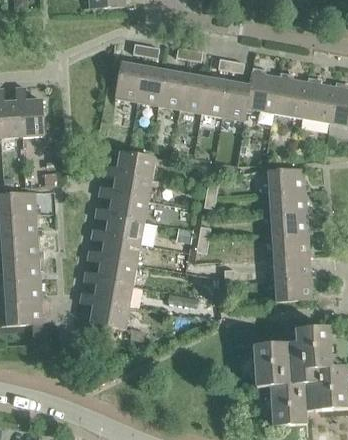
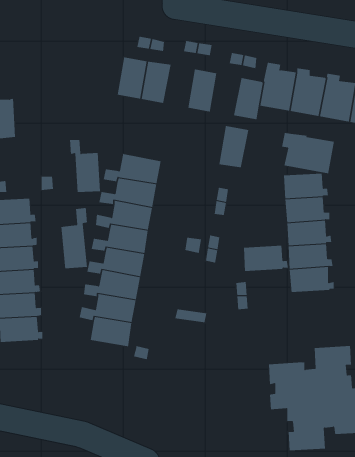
building: [158,69,186,109] -> none
building: [201,77,229,116] -> [219,126,249,168]
building: [15,87,44,136] -> [69,139,101,193]
building: none -> [282,132,334,174]
building: none -> [61,207,88,269]
building: [275,277,317,301] -> [243,245,289,271]

